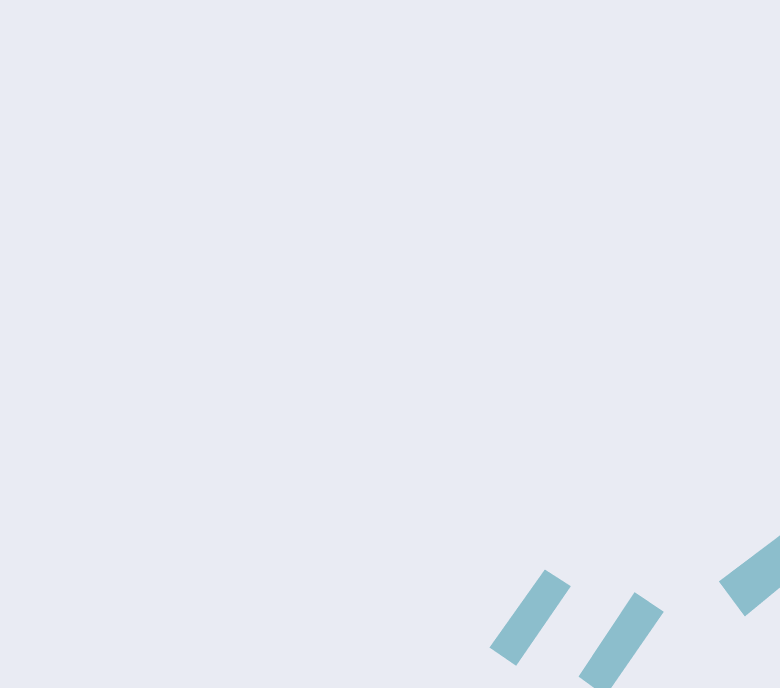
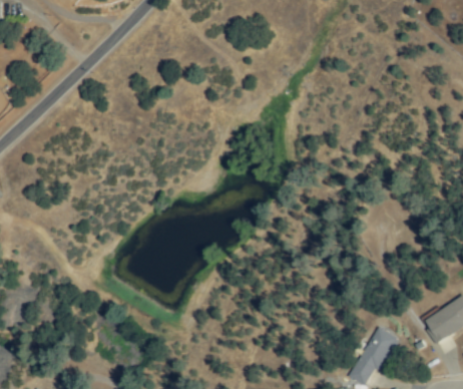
building: [489,569,572,667] -> none

